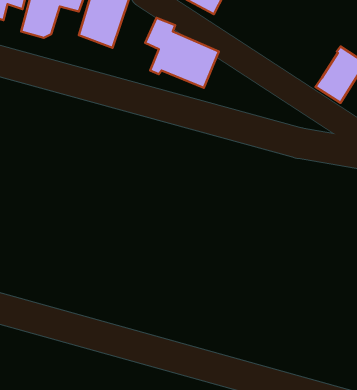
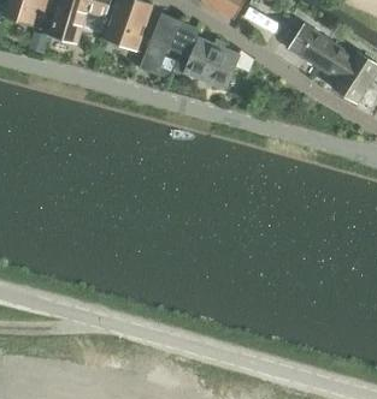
building: none -> [139,12,178,73]
building: none -> [288,22,353,78]

